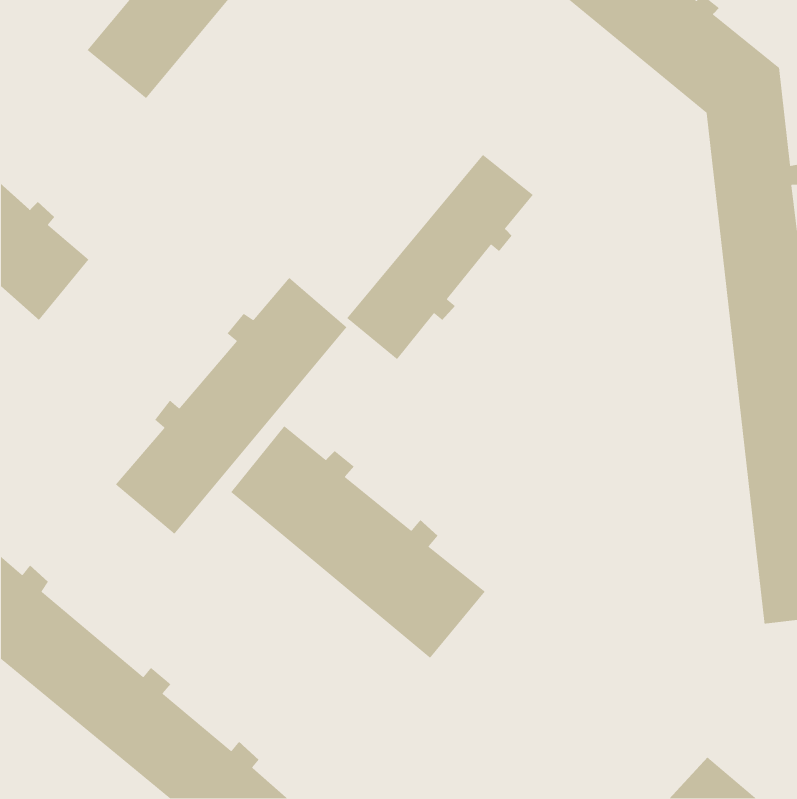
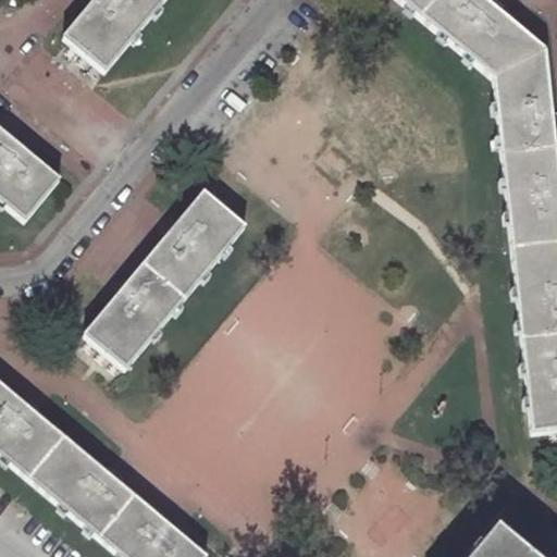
building: [346,154,534,360] -> none
building: [230,425,486,659] -> none

